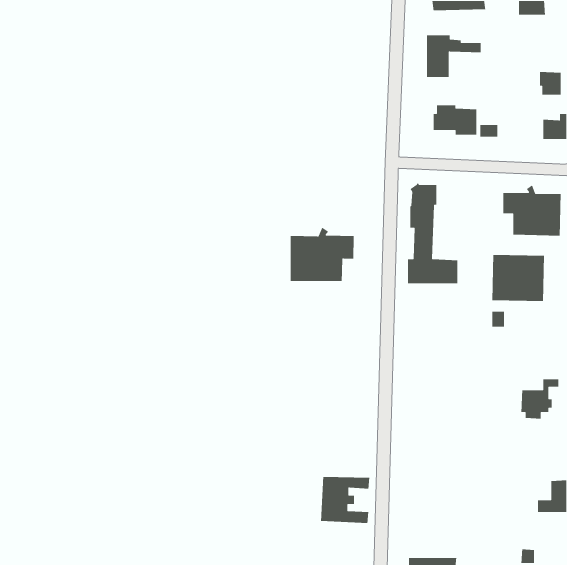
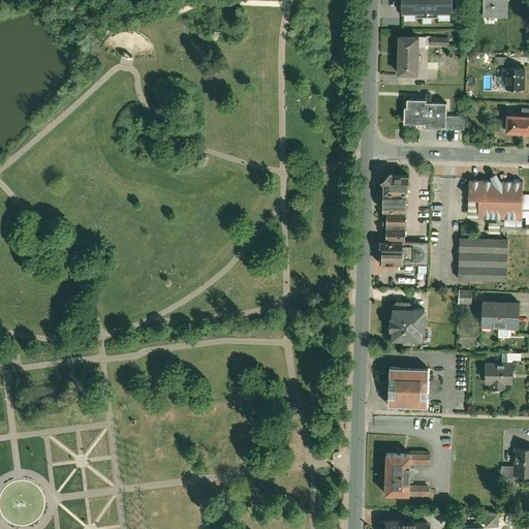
building: [290,226,355,282] -> none
building: none -> [480,301,519,340]
building: none -> [387,306,425,343]
building: none -> [386,367,428,410]
building: [320,476,370,524] -> [383,454,430,498]

